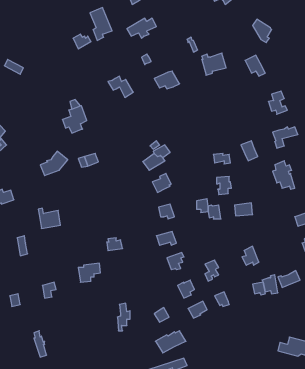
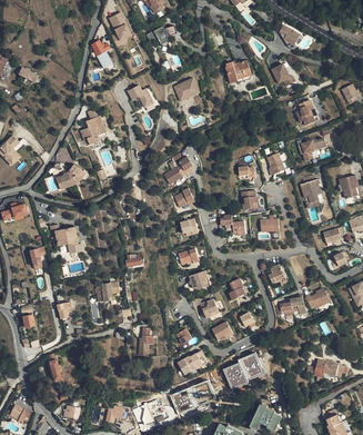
building: none -> [222,353,263,387]

